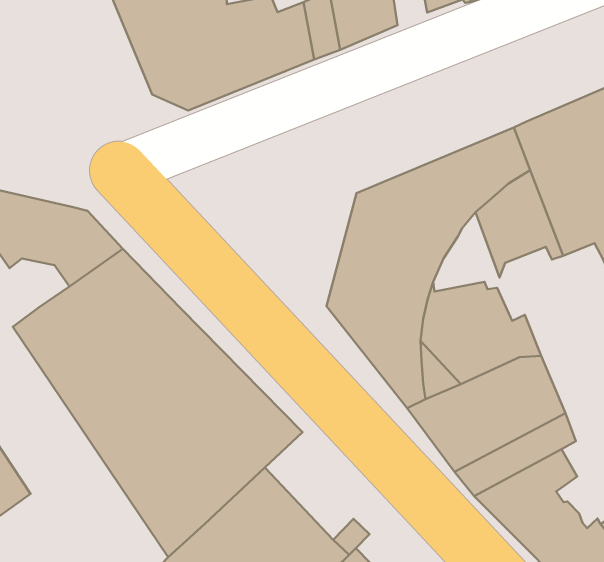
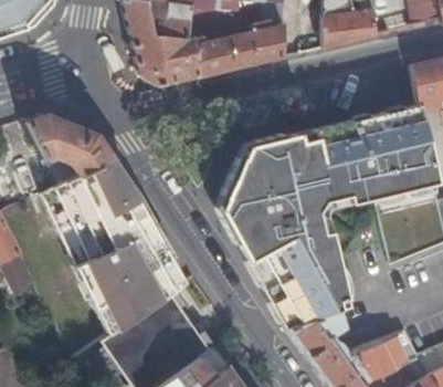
building: none -> [282,168,319,212]

